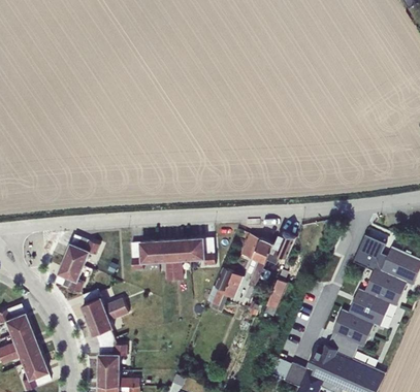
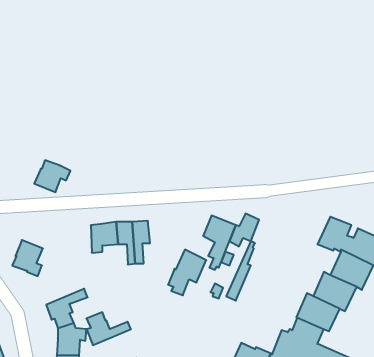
building: [64,234,99,265] -> [34,160,70,192]
building: [187,237,215,265] -> none
building: [82,288,125,320] -> [86,312,131,345]

